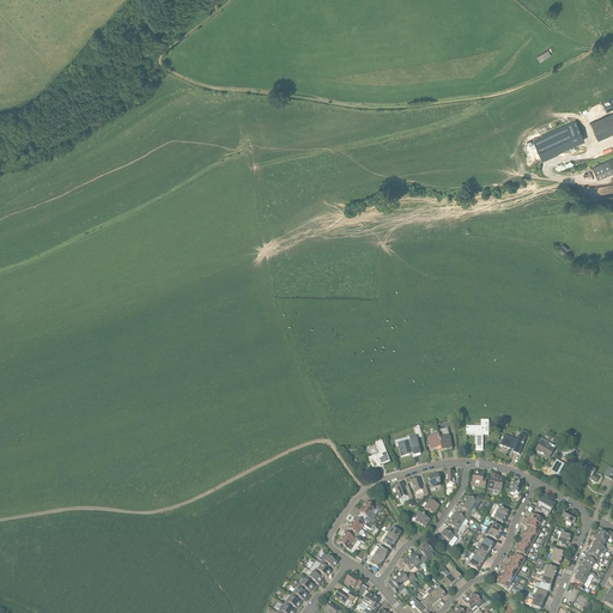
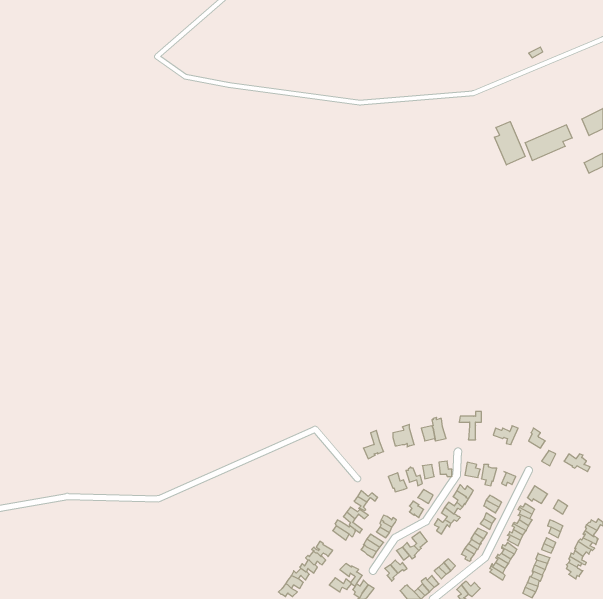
building: none -> [494,122,525,165]

